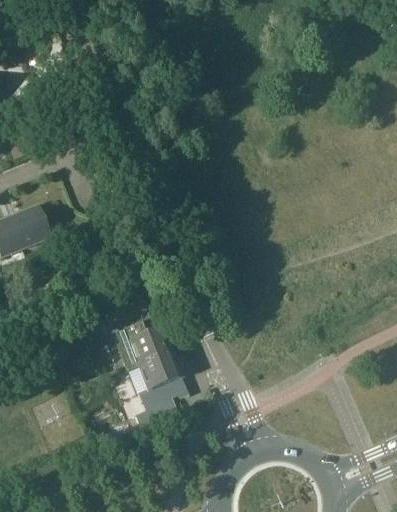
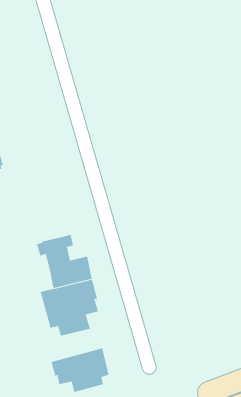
building: none -> [51,347,109,393]

